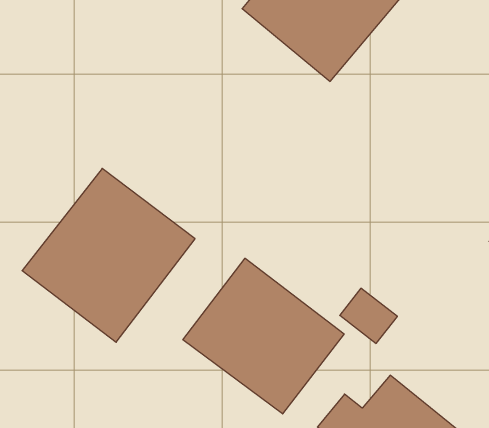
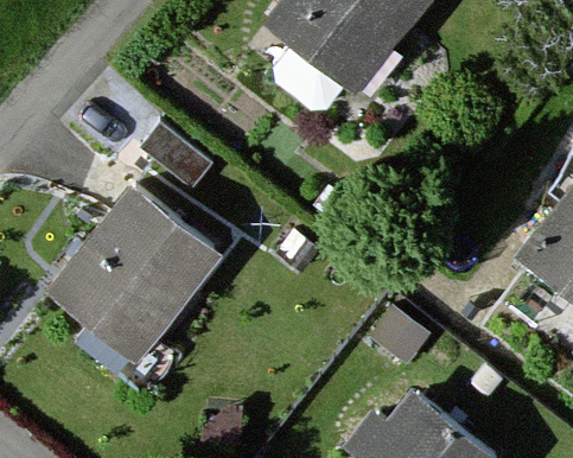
building: [183,258,344,414] -> none

